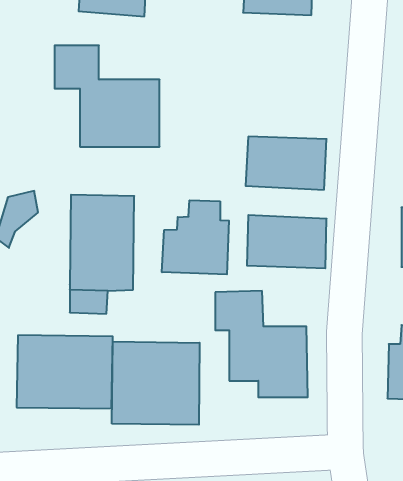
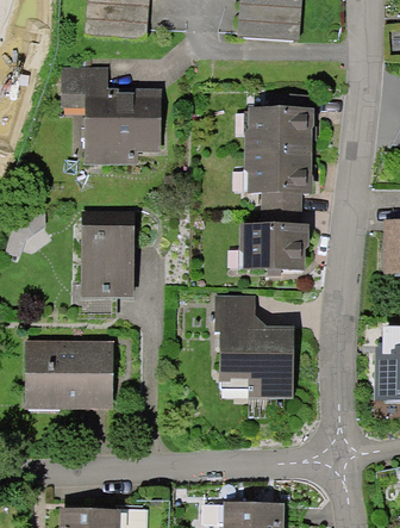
building: none -> [242,106,317,155]
building: [162,200,229,274] -> none
building: [112,342,200,425] -> none

